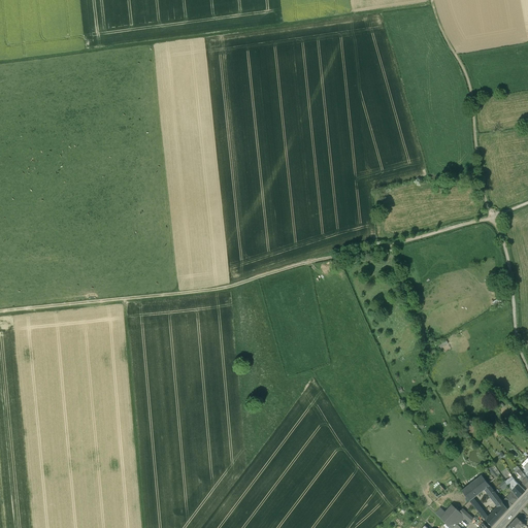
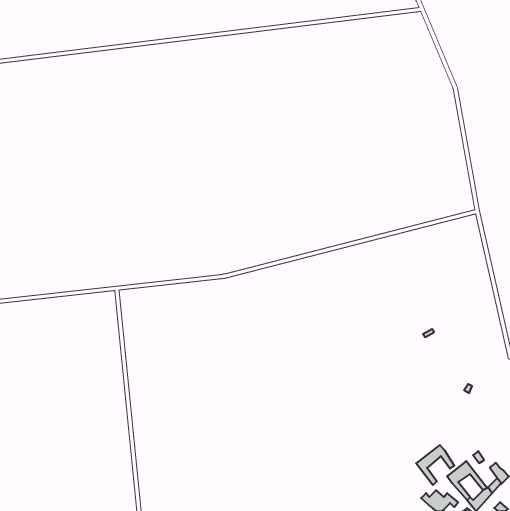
building: none -> [416,445,454,485]

